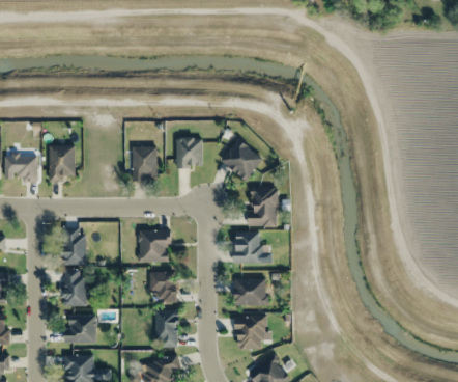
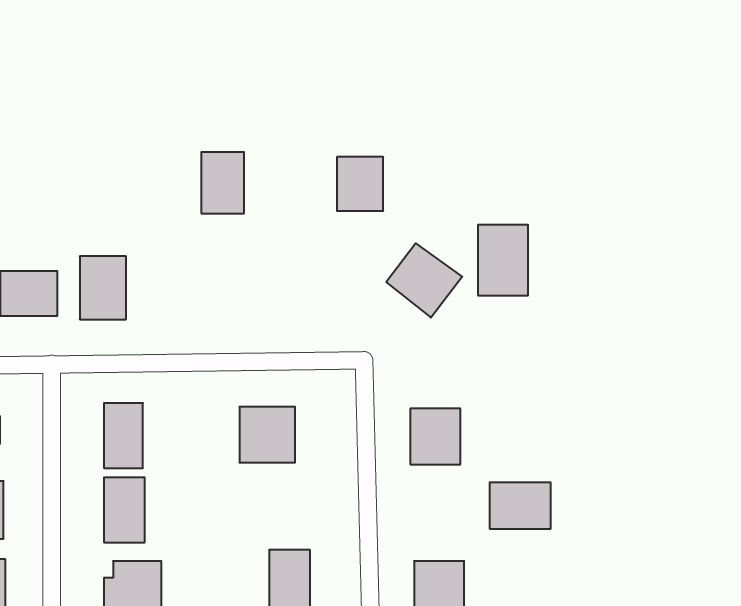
building: [176,138,202,168] -> [337,157,383,211]
building: [133,147,156,182] -> [201,152,244,213]
building: [250,187,278,226] -> [478,225,528,295]
building: [150,273,177,303] -> none
building: [233,278,267,304] -> [490,482,551,529]

